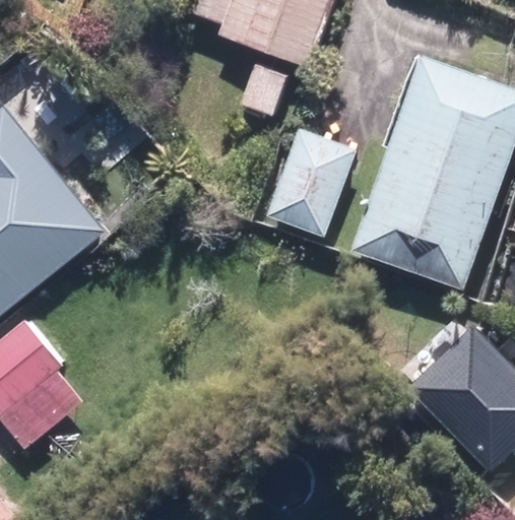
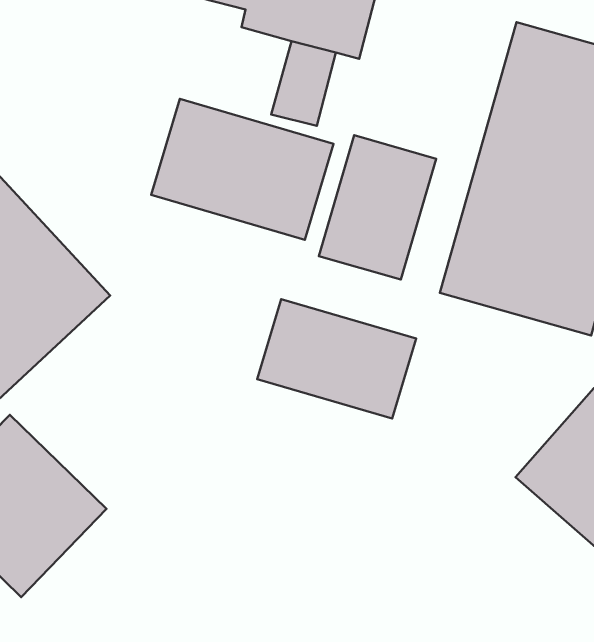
building: none -> [151,99,333,240]
building: none -> [257,299,416,419]

